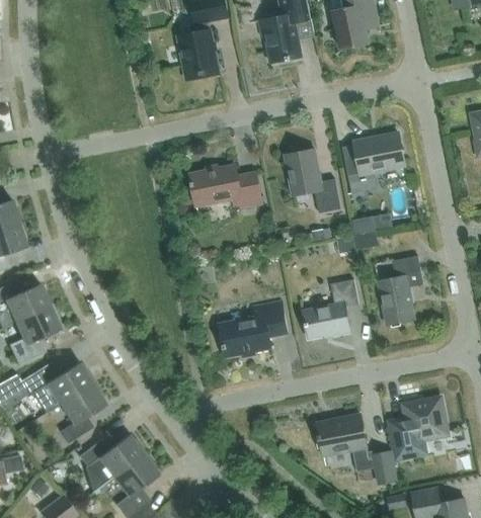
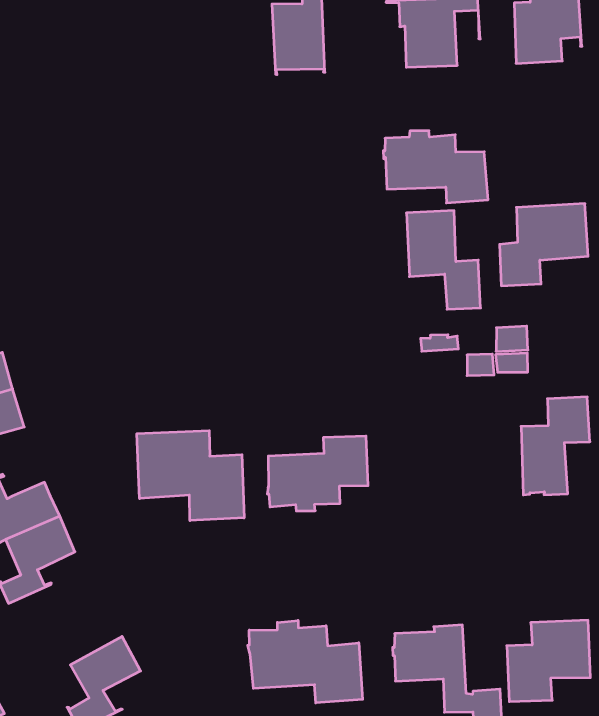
building: [190,164,262,208] -> [383,131,488,203]
building: [303,278,359,338] -> none
building: none -> [137,431,244,521]
building: none -> [248,620,363,703]
building: [79,434,144,493] -> none

